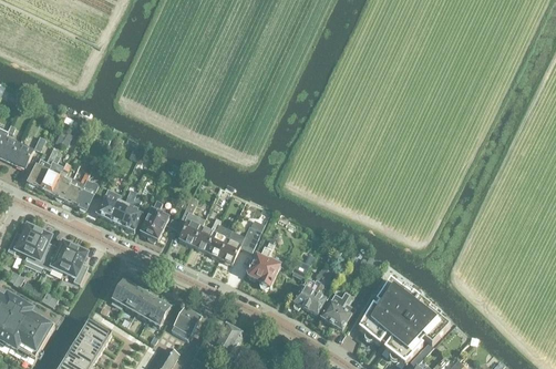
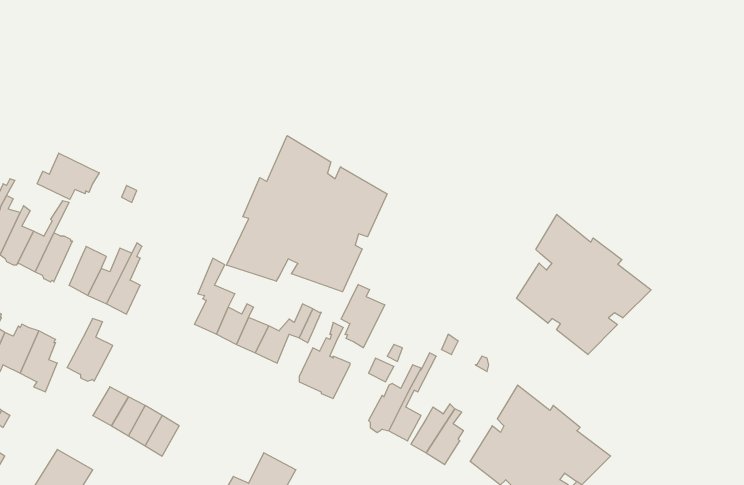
building: none -> [226,136,387,292]
building: none -> [37,153,99,199]
building: none -> [517,214,651,355]
building: [140,201,169,242] -> [67,319,113,381]
building: none -> [341,284,385,348]
building: [171,307,202,340] -> none

